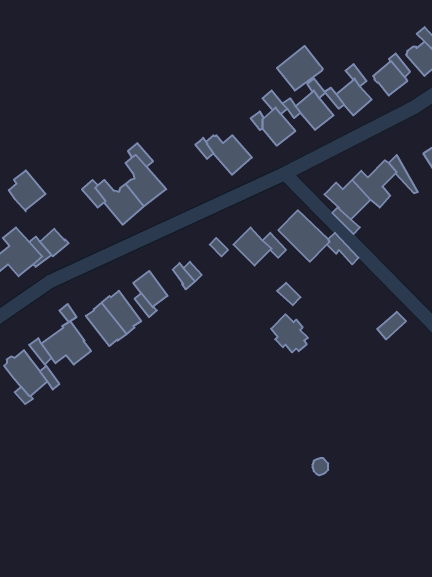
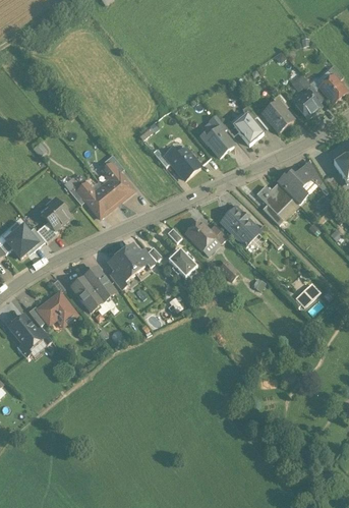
building: [277,46,323,91] -> none
building: [9,170,46,211] -> [42,197,70,229]
building: none -> [120,243,147,272]
building: [271,314,308,352] -> [168,247,196,277]

